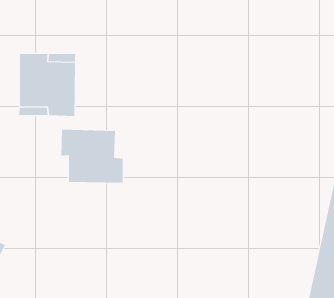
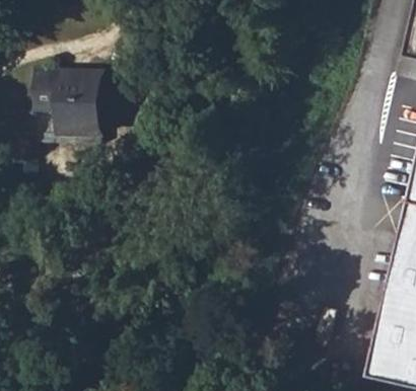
building: [61,129,123,183] -> none

